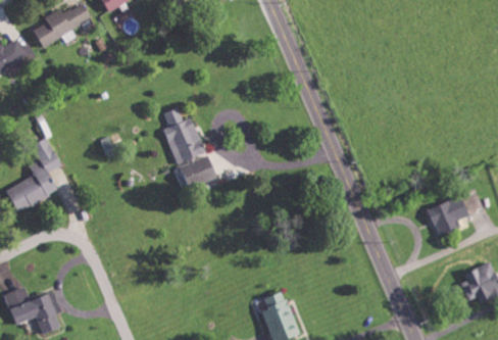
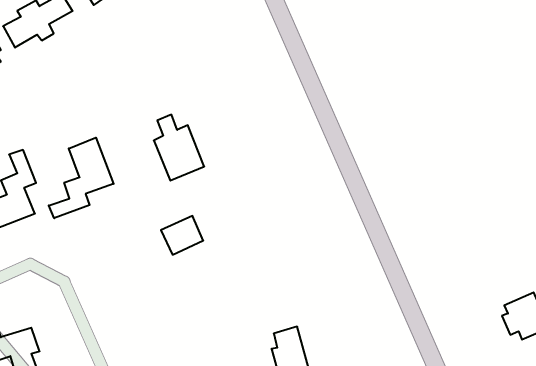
building: none -> [49,138,114,218]
building: [180,154,216,188] -> [161,216,203,255]
building: [427,195,468,235] -> none

